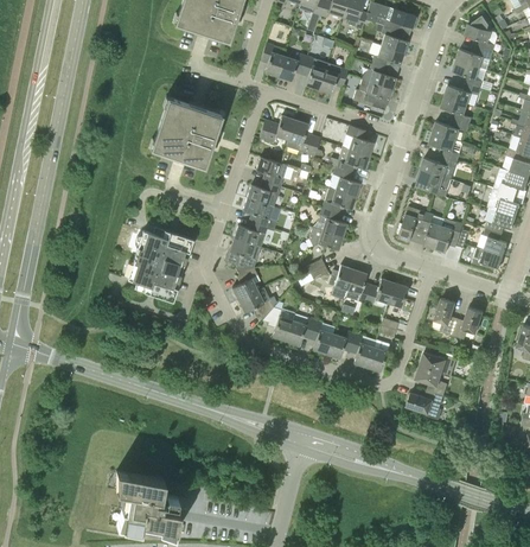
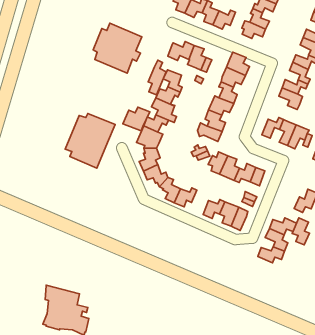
building: none -> [148,60,166,95]
building: none -> [123,107,150,131]
building: [434,298,458,335] -> [292,218,309,245]
building: [308,320,334,354] -> none

